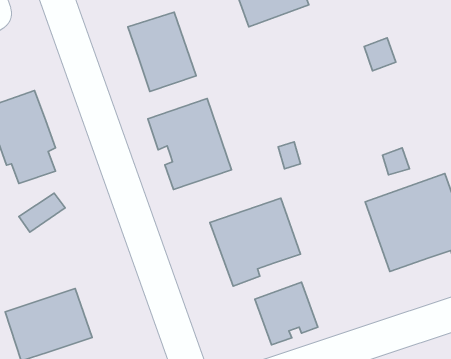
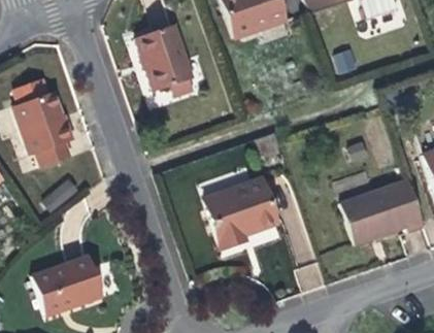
building: [148,98,232,189] -> none
building: [255,282,318,345] -> none

